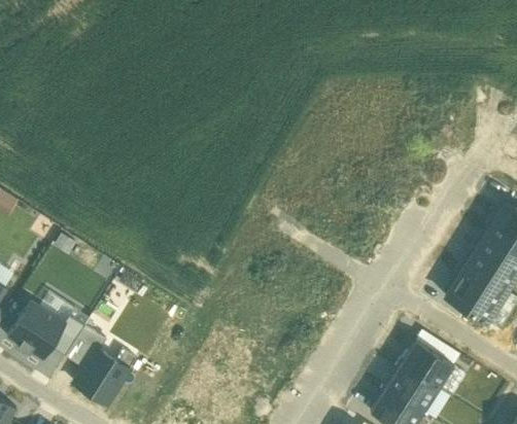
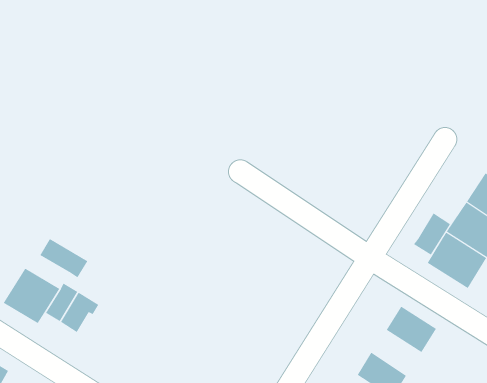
building: none -> [413,213,451,255]
building: none -> [39,238,88,278]
building: [76,347,131,402] -> none
building: [387,364,440,412] -> none

